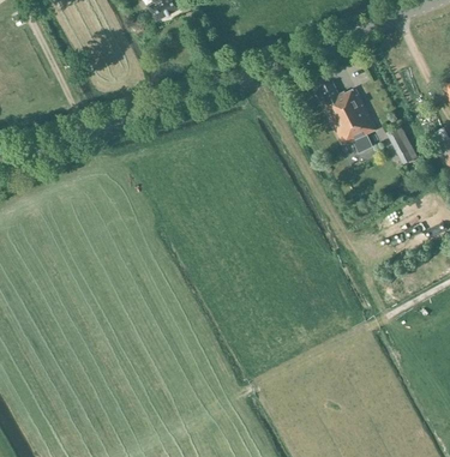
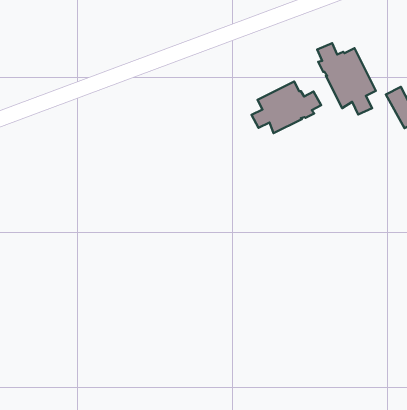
building: none -> [252,81,321,133]

